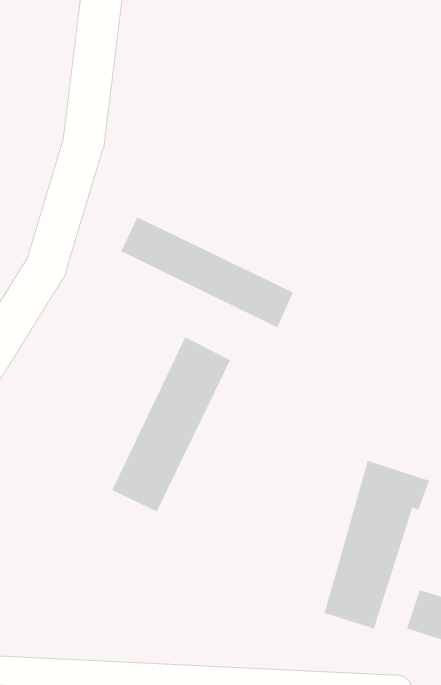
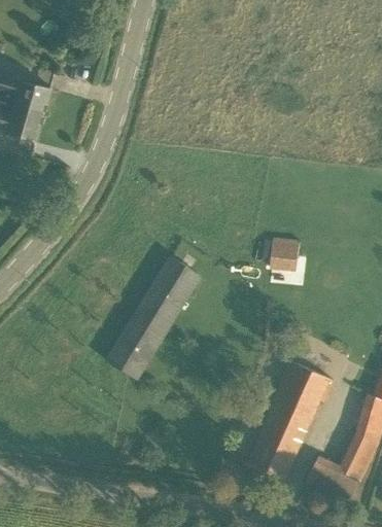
building: [120,216,293,328] -> none
building: none -> [271,240,301,268]

